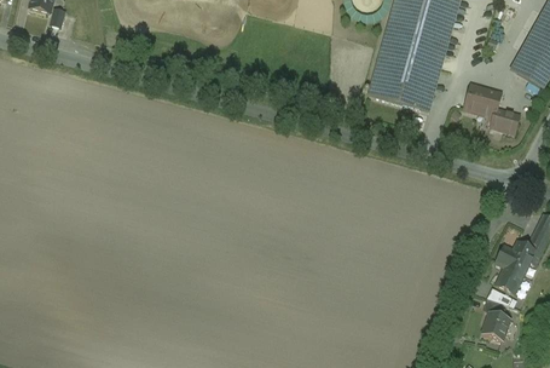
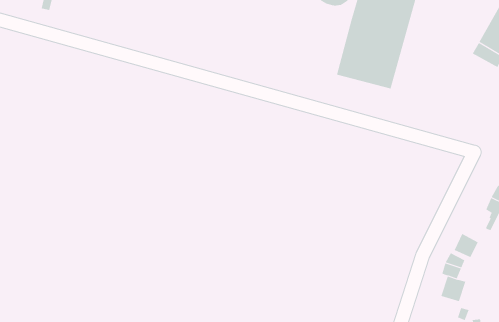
building: [463,84,519,132] -> none
building: [496,240,534,275] -> none

